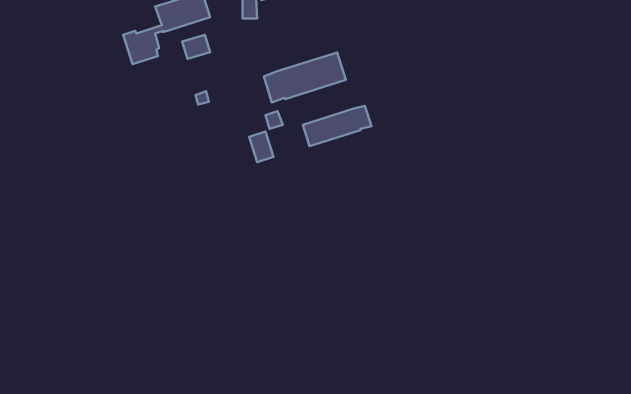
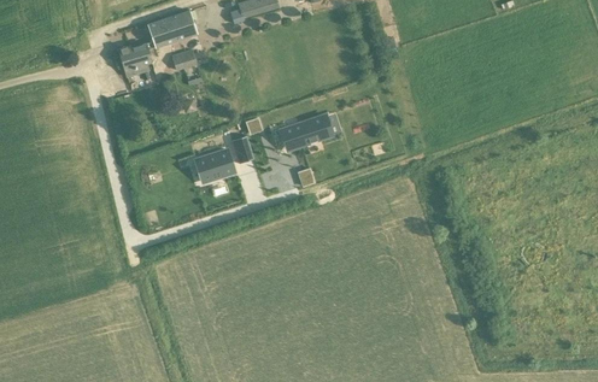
building: [264,52,346,103] -> none
building: none -> [194,149,233,183]

